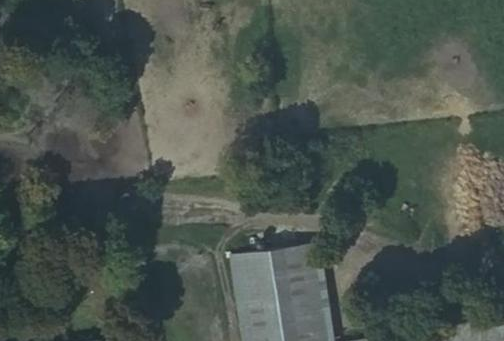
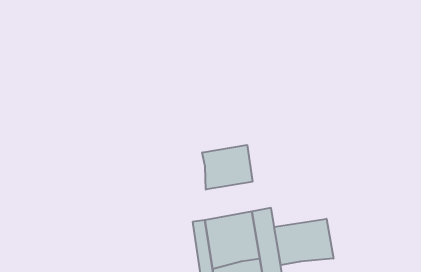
building: none -> [202,145,252,190]
building: none -> [274,219,333,265]

